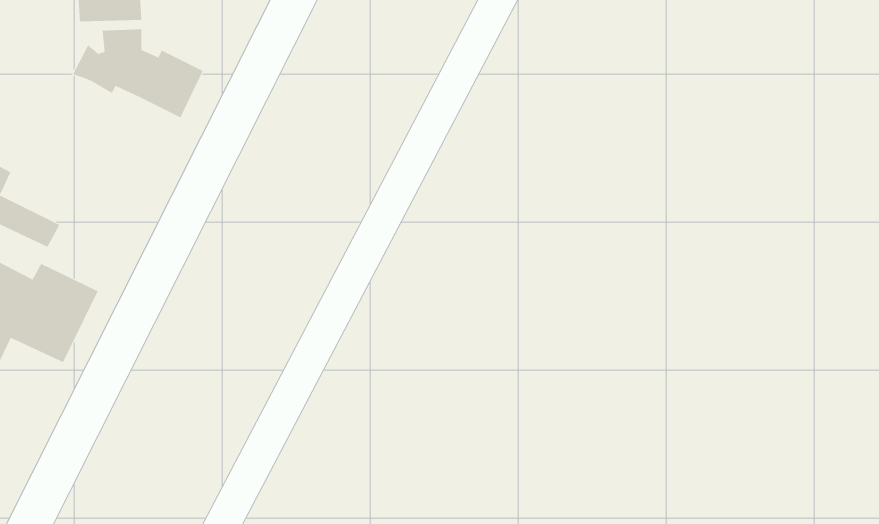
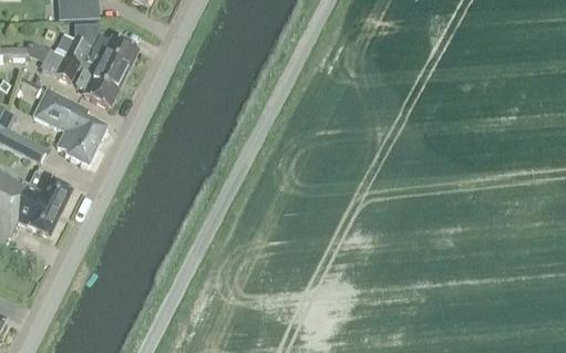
building: none -> [53,55,123,108]
building: none -> [33,90,106,165]

